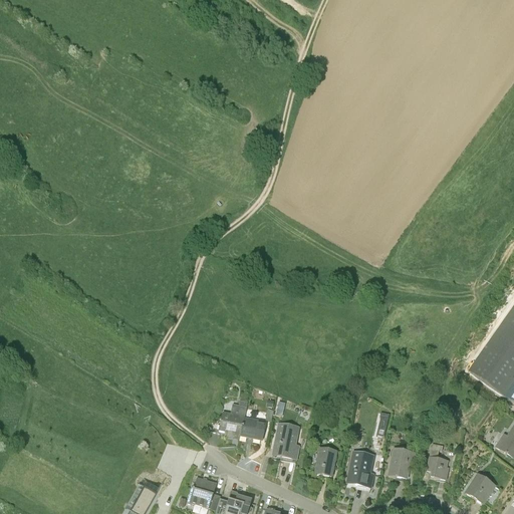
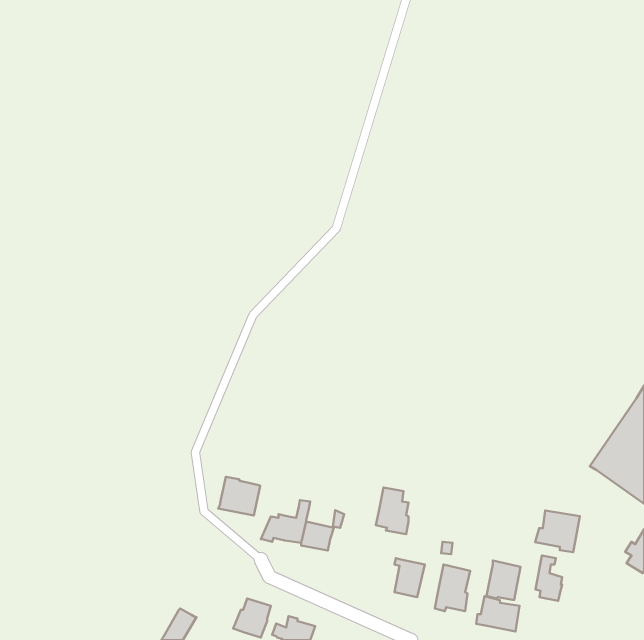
building: none -> [218,477,260,515]
building: none -> [535,511,580,552]
building: [272,422,298,459] -> [376,488,409,534]
building: [465,474,495,503] -> none
building: none -> [476,596,519,631]

